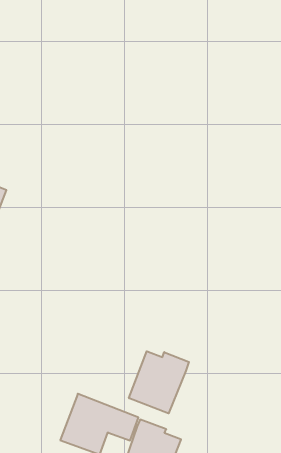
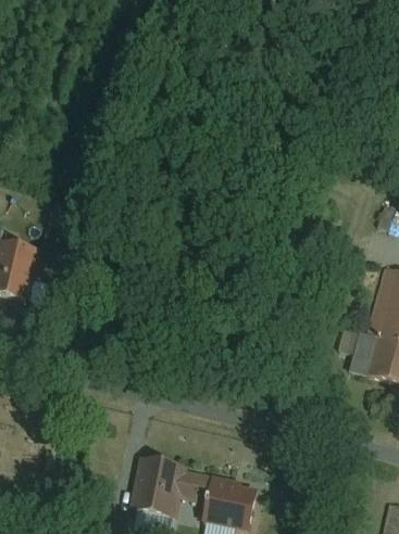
building: [129,351,189,413] -> none

